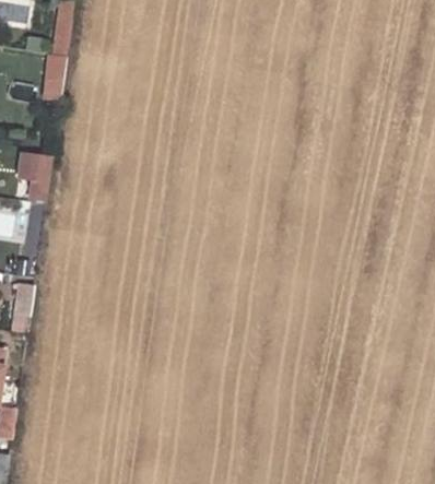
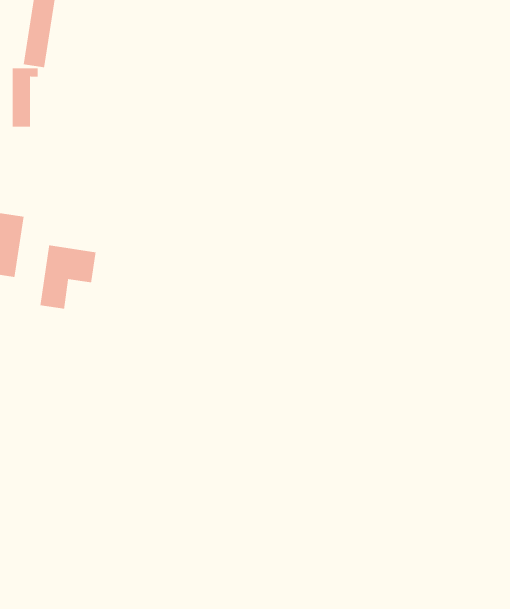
building: none -> [40,245,96,310]

